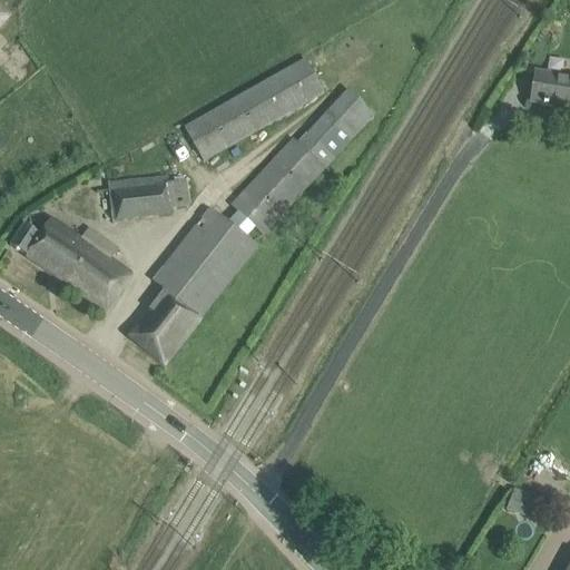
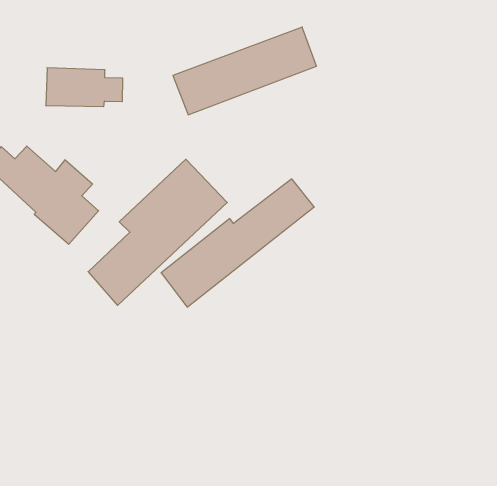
building: [230,90,373,234] -> [161,179,314,307]
building: [109,170,189,215] -> [46,68,123,107]

